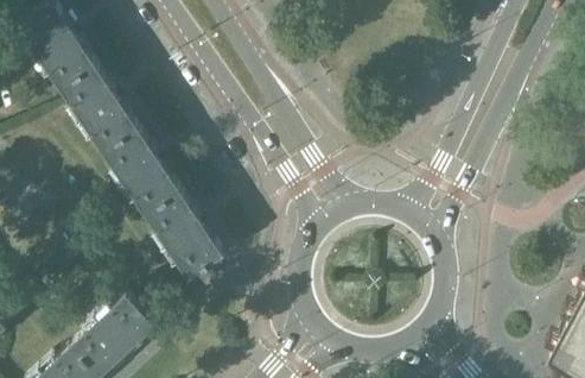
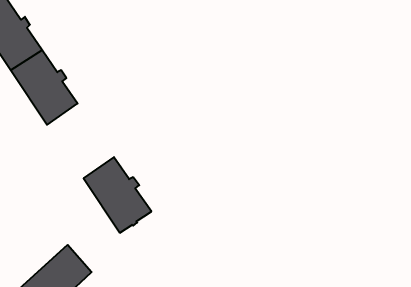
building: [103,131,182,219] -> none

